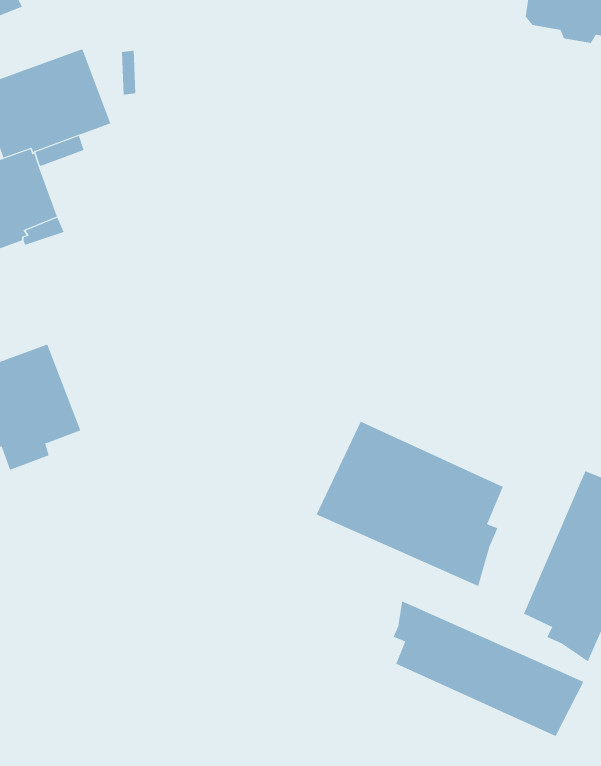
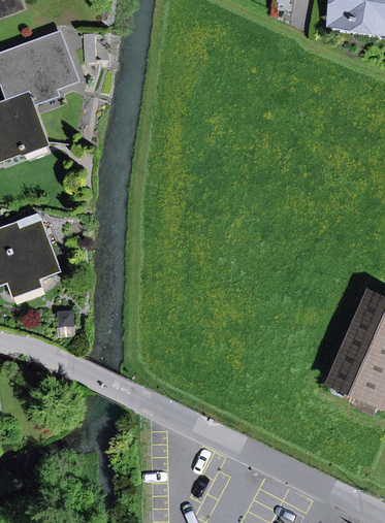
building: [316,421,503,587] -> none
building: [393,601,584,737] -> none

